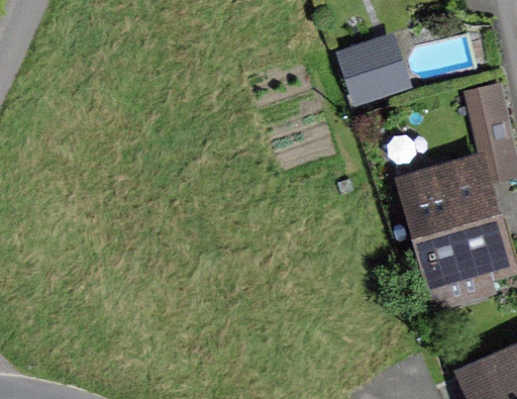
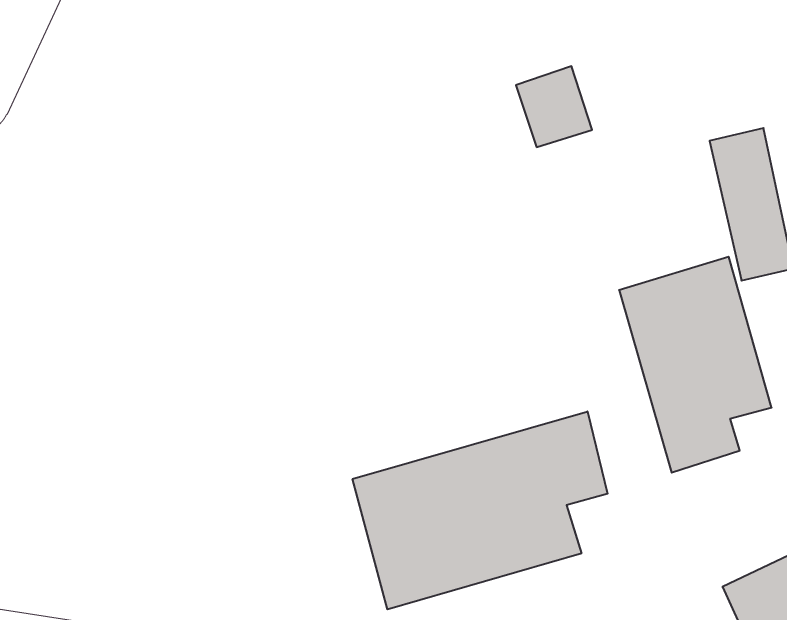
building: none -> [353,411,608,609]

